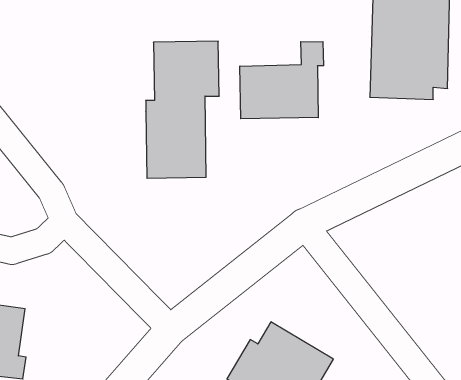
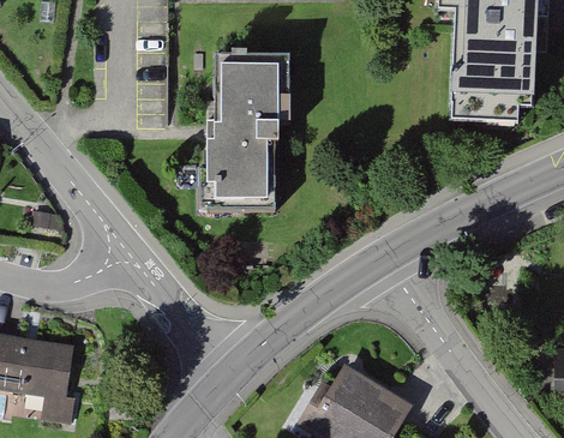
building: [240,42,324,119] -> none

